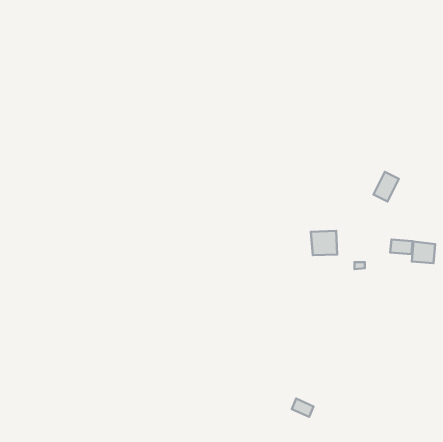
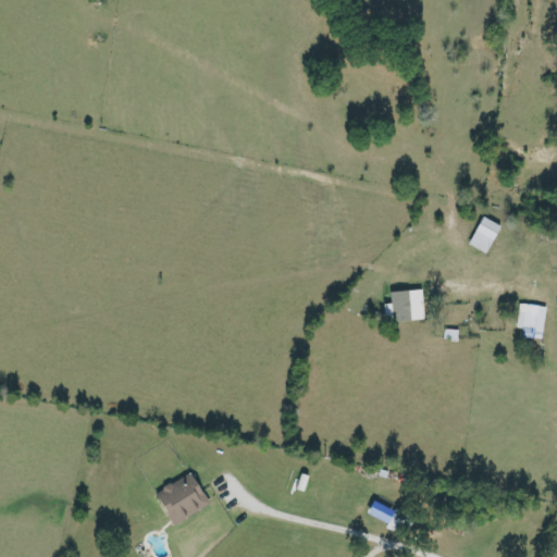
building: [390,239,413,254] -> none
building: none -> [154,471,209,524]

